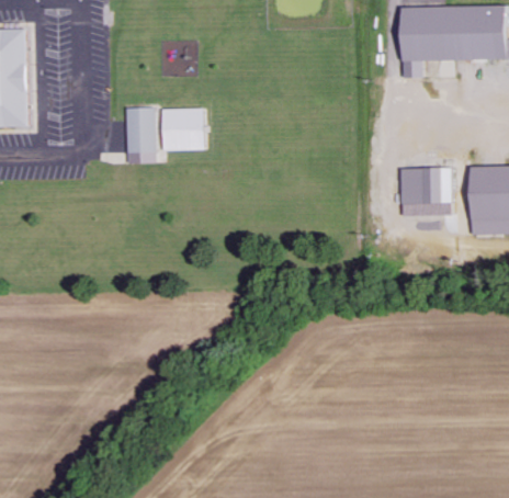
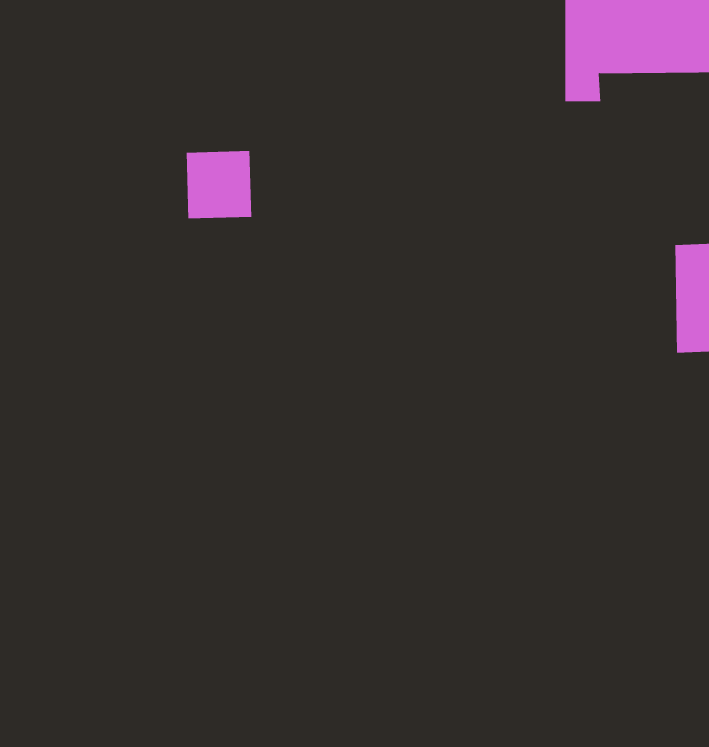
building: [128,106,161,154] -> none
building: [403,168,454,204] -> none

